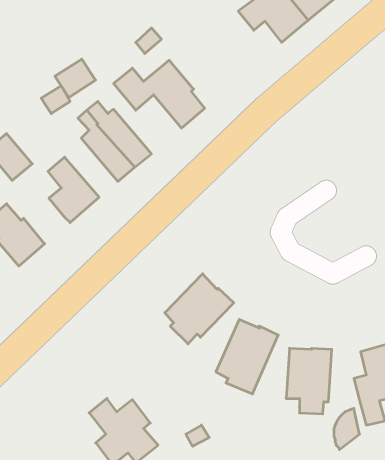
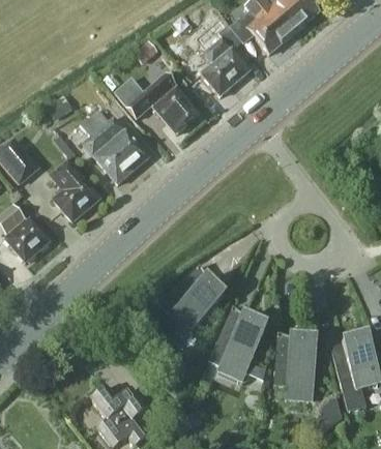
building: none -> [200,25,250,95]
building: [55,59,96,97] -> none

